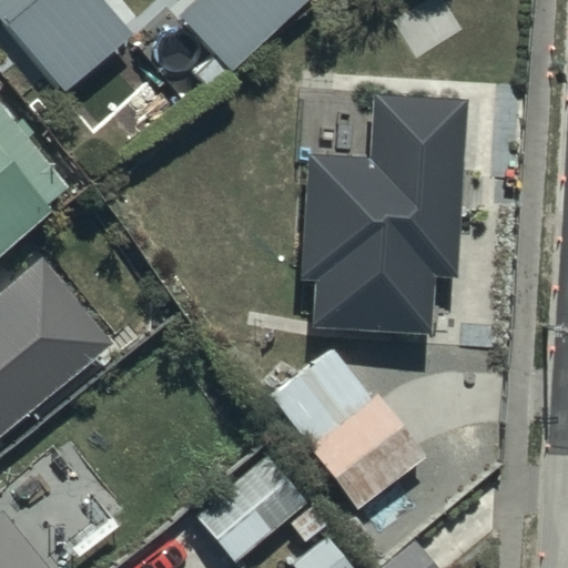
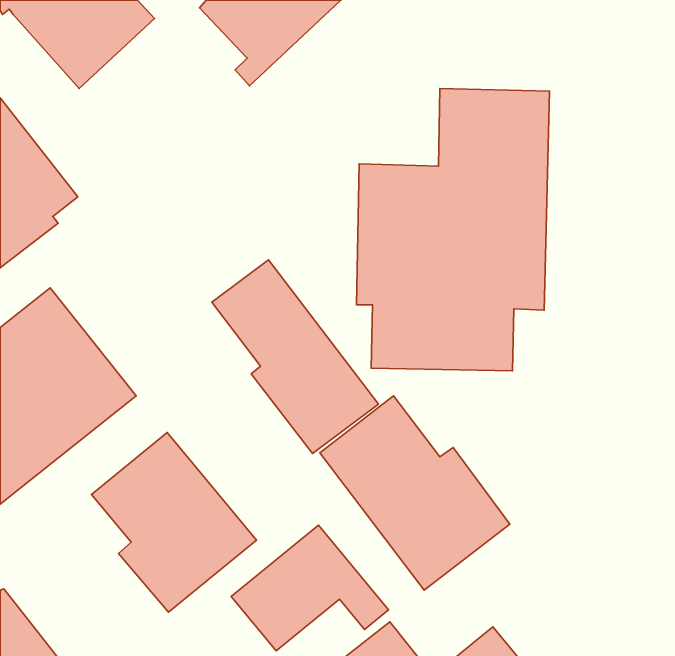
building: none -> [212,260,378,453]
building: none -> [92,433,256,612]

